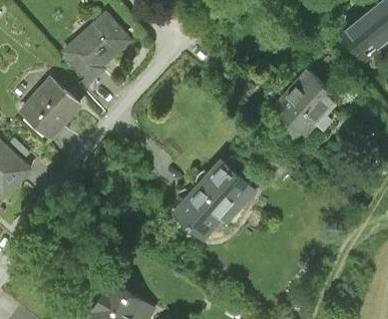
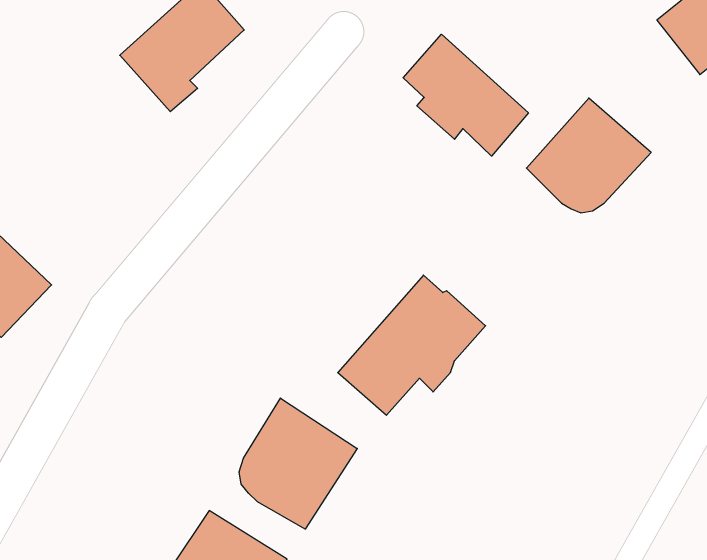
building: none -> [403,34,528,156]
building: [20,78,77,137] -> none
building: none -> [239,398,357,529]

